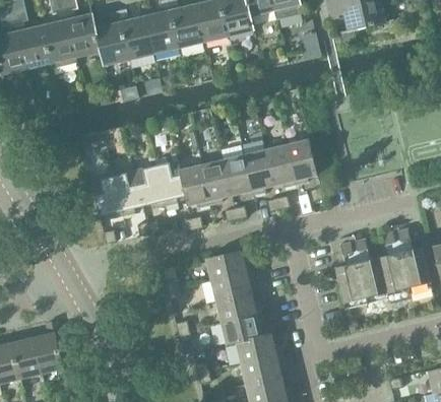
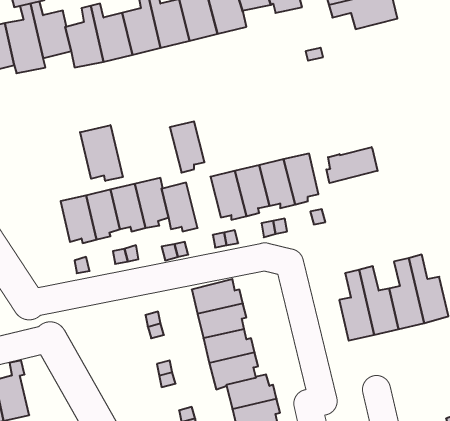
building: none -> [80,125,123,181]
building: none -> [326,147,378,183]
building: [199,160,230,205] -> [170,121,205,173]

